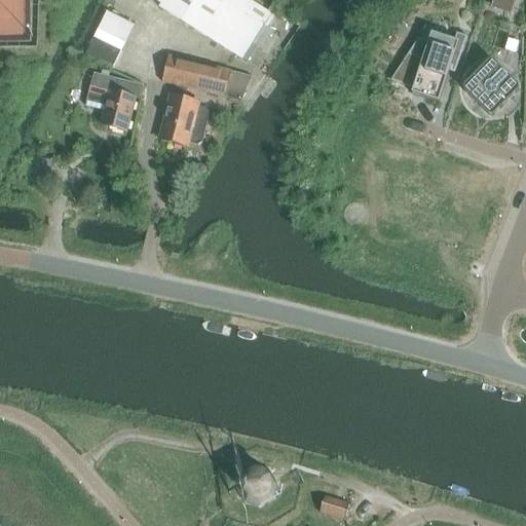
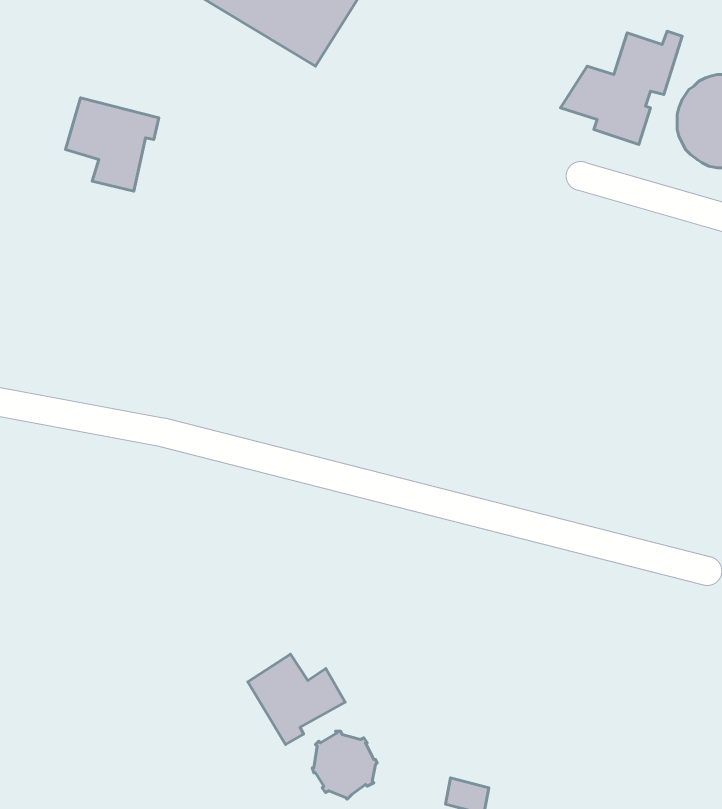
building: [83,21,128,70] -> none
building: [159,55,252,145] -> none
building: none -> [248,654,345,744]

